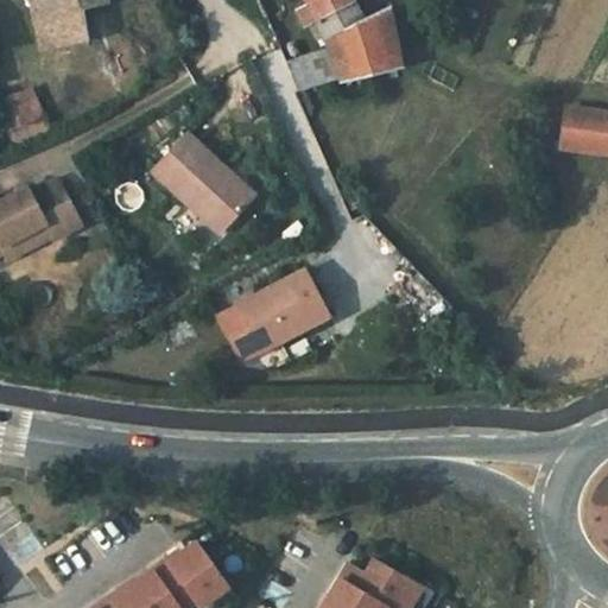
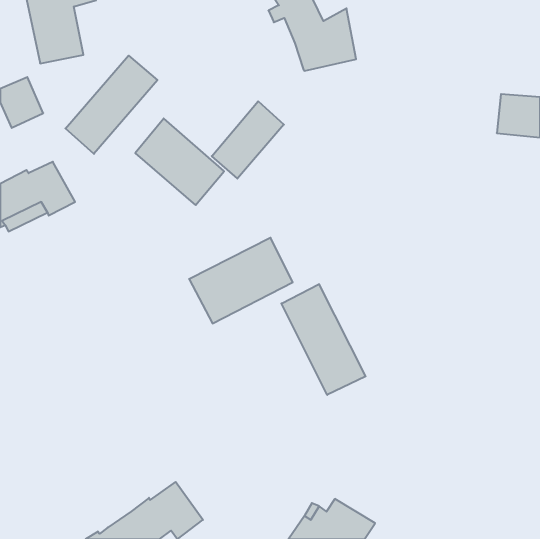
building: [287,49,341,91] -> none
building: none -> [65,56,157,154]
building: none -> [212,101,284,179]
building: none -> [281,284,366,395]

